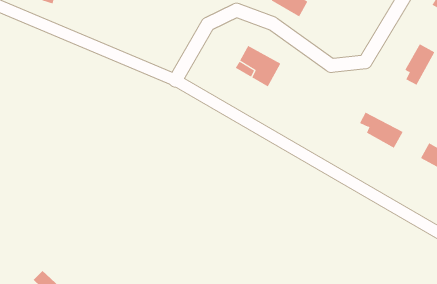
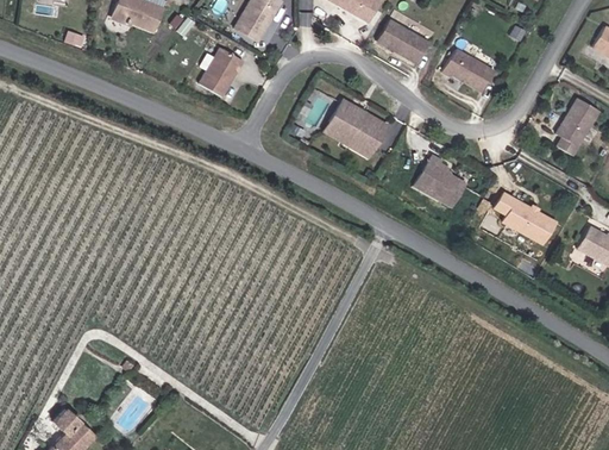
building: none -> [200,48,243,96]
building: none -> [444,49,496,92]
building: none -> [416,154,466,204]

